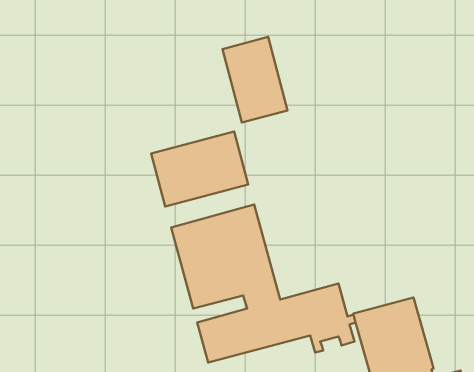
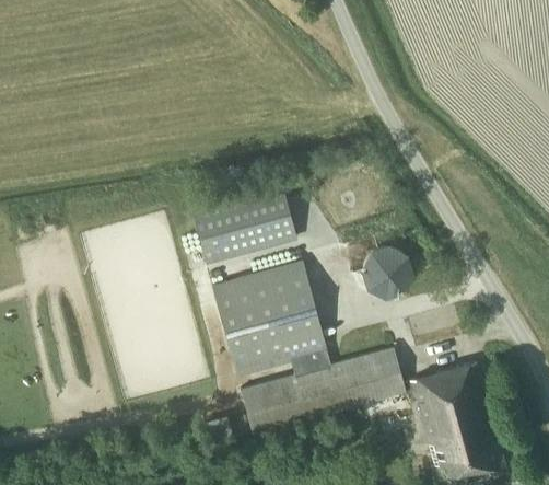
building: [222,37,288,123] -> none
building: none -> [362,249,409,295]

